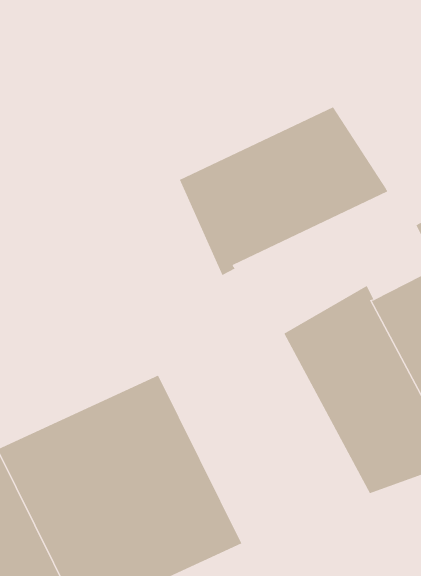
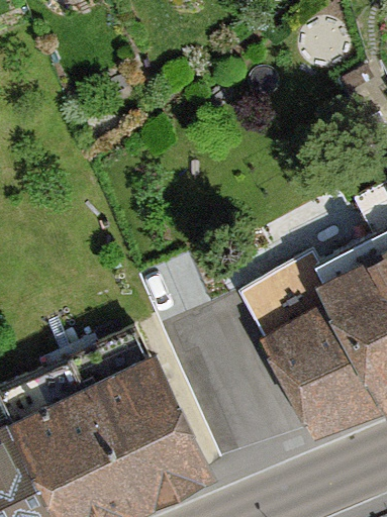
building: [179,107,388,276] -> none

